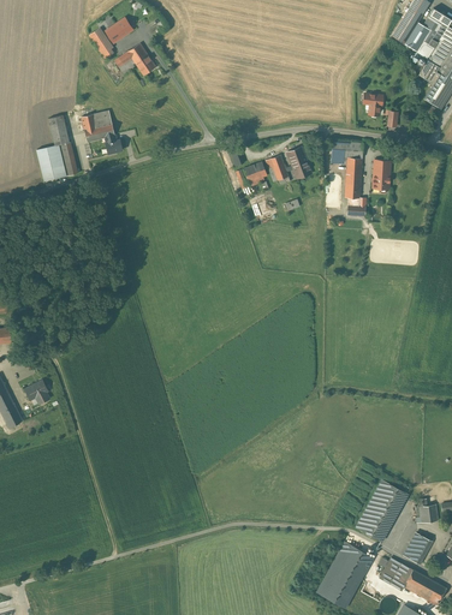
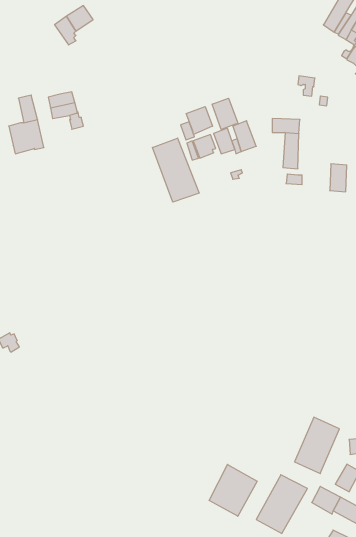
building: [113,44,154,76] -> none
building: none -> [212,98,238,129]
building: none -> [186,107,213,135]
building: [371,159,391,190] -> [330,164,347,192]
building: none -> [152,138,199,202]
building: none -> [209,464,257,516]

